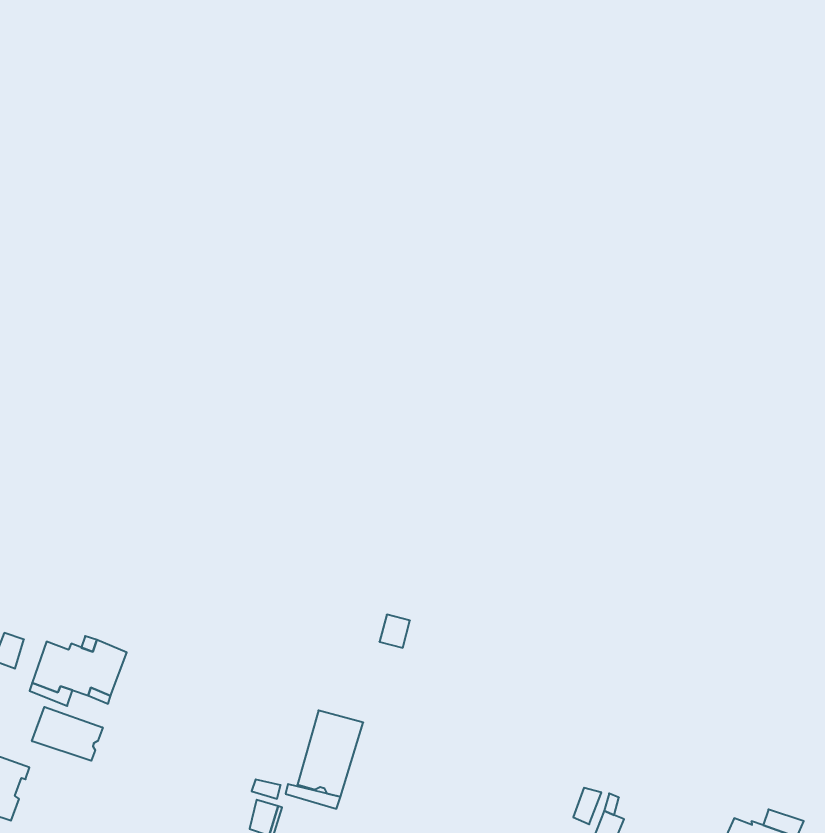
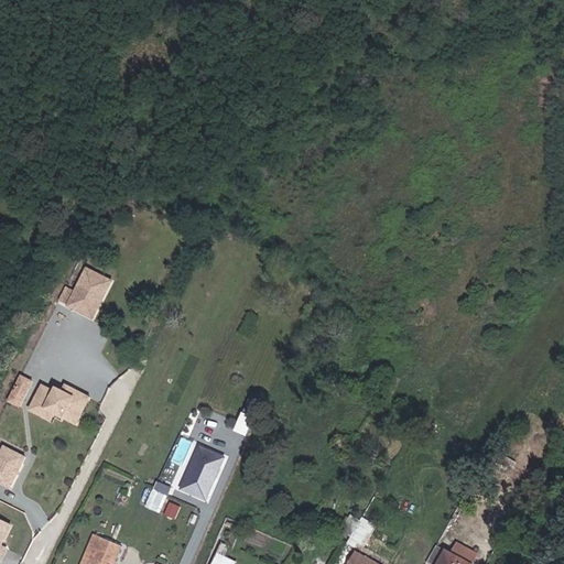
building: none -> [62,263,111,318]
building: [32,707,103,761] -> none

